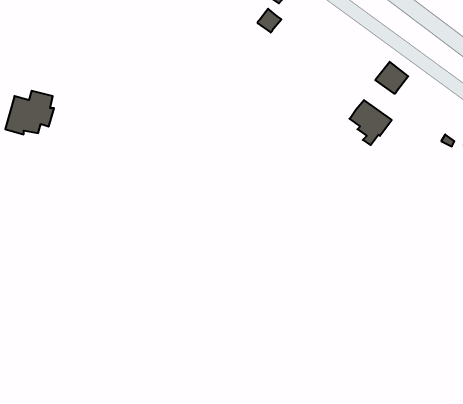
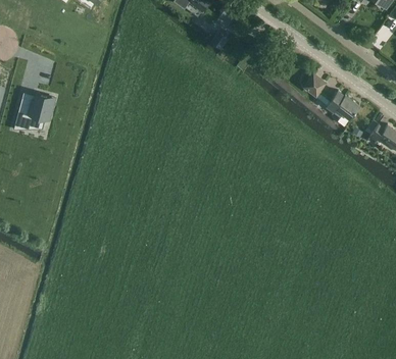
building: [349,100,392,145] -> [327,92,359,126]

